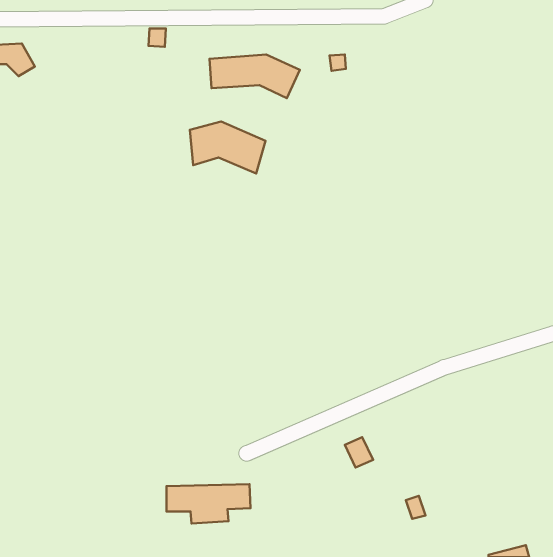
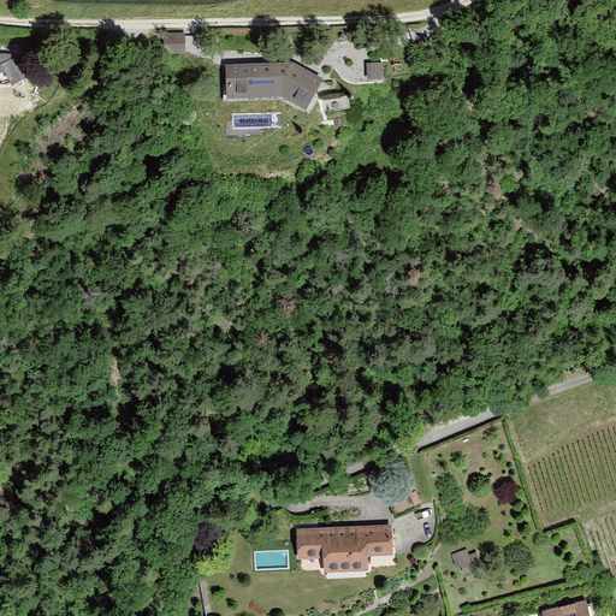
building: [190,121,265,174] -> none
building: [166,484,250,523] -> [294,527,386,570]

